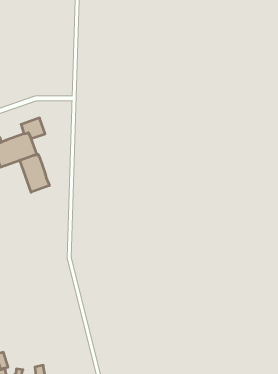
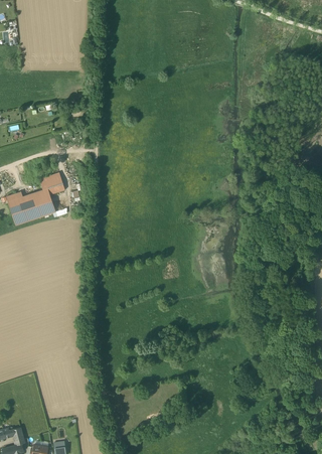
building: [20,154,49,192] -> none

